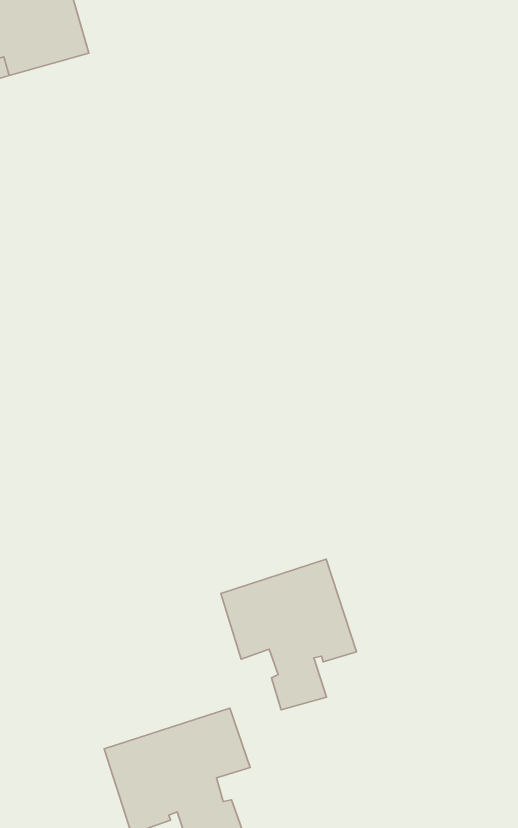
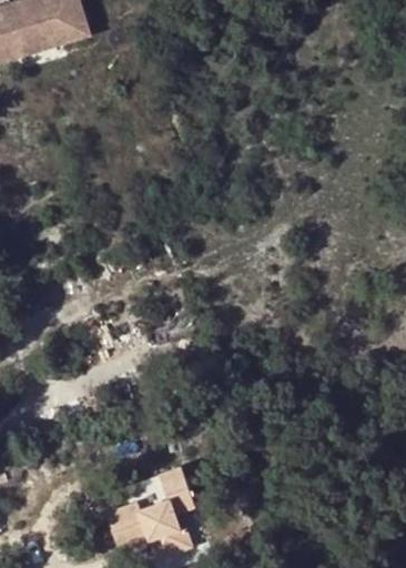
building: [221,559,356,710] -> none

